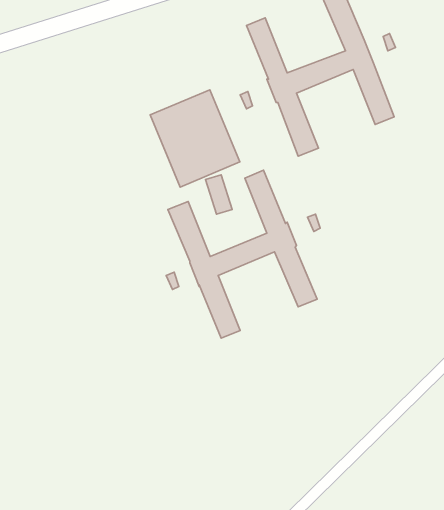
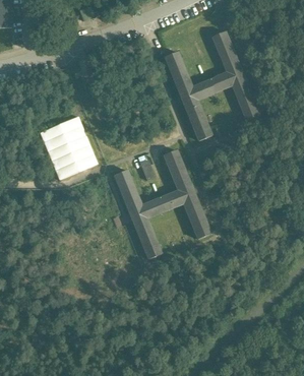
building: [150,90,240,187] -> [40,116,98,179]

